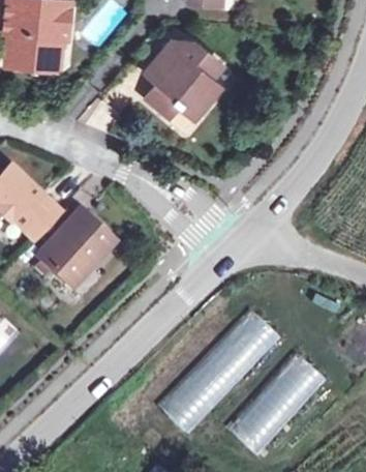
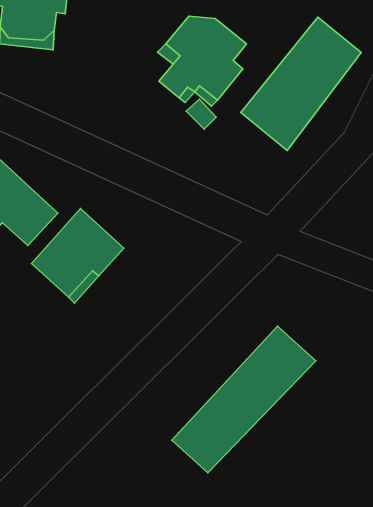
building: none -> [241,17,361,150]
building: [226,351,326,456] -> none

